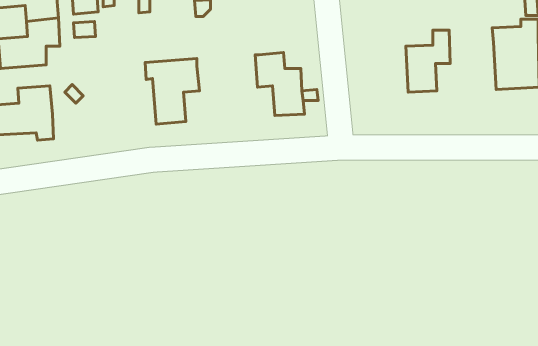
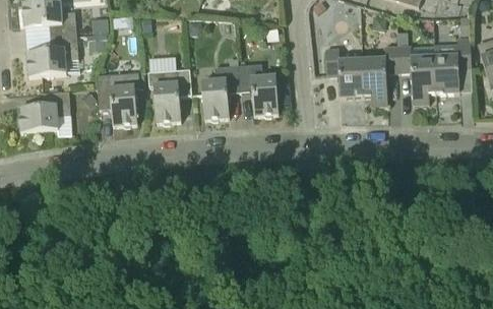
building: none -> [397,44,436,94]
building: none -> [325,49,364,97]
building: none -> [201,65,240,119]
building: none -> [97,71,139,125]

